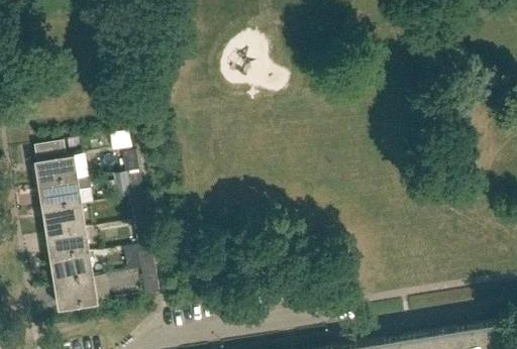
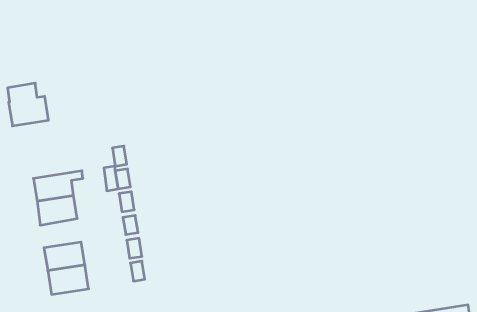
building: [34,146,78,192] -> [8,83,48,126]
building: [46,234,90,265] -> none

